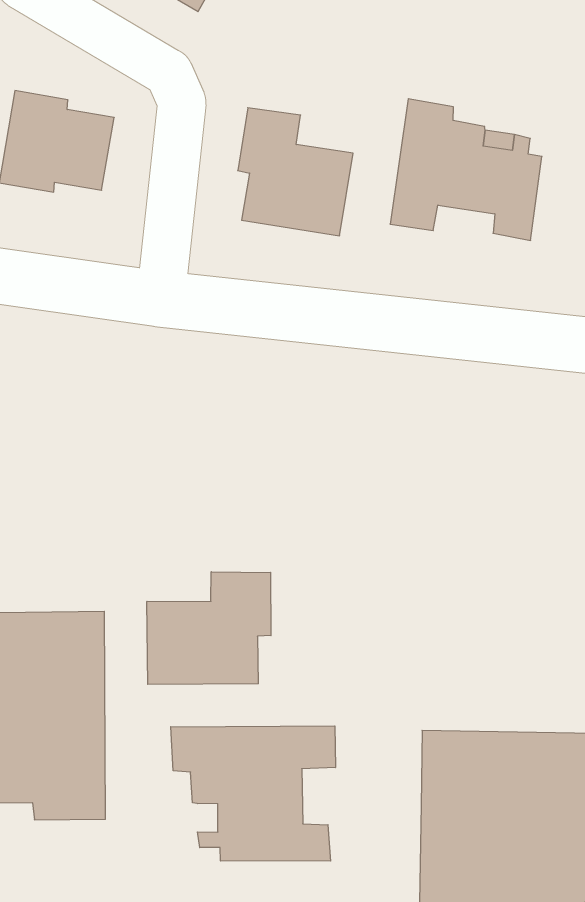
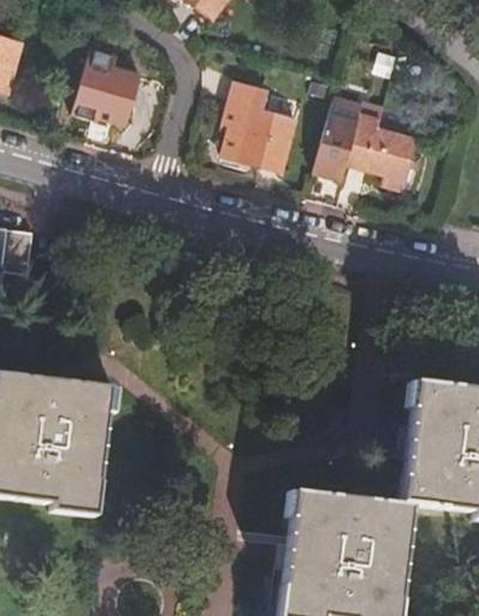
building: [147,572,271,684] -> none
building: [171,726,335,861] -> none

